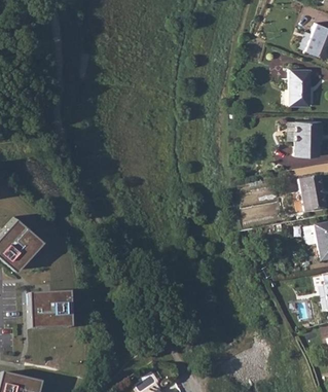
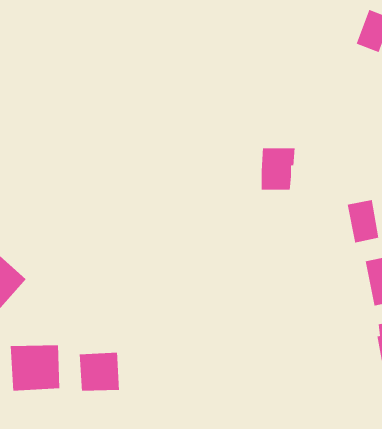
building: [289,70,311,106] -> none
building: [294,121,322,155] -> [261,148,296,190]
building: none -> [79,352,119,392]

